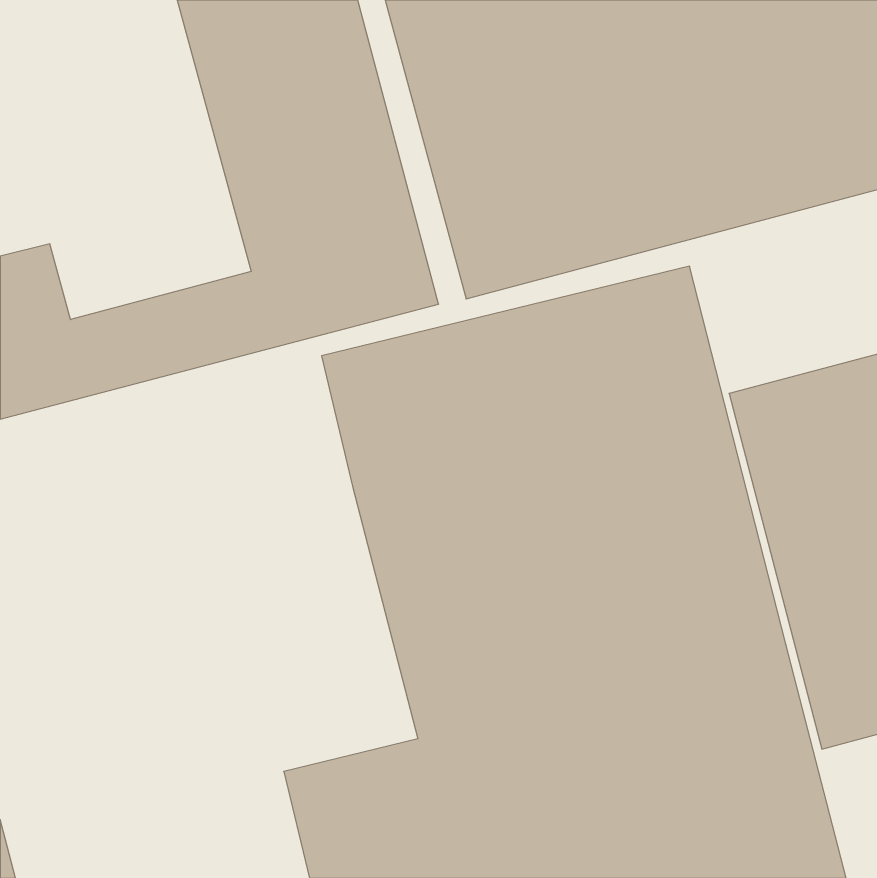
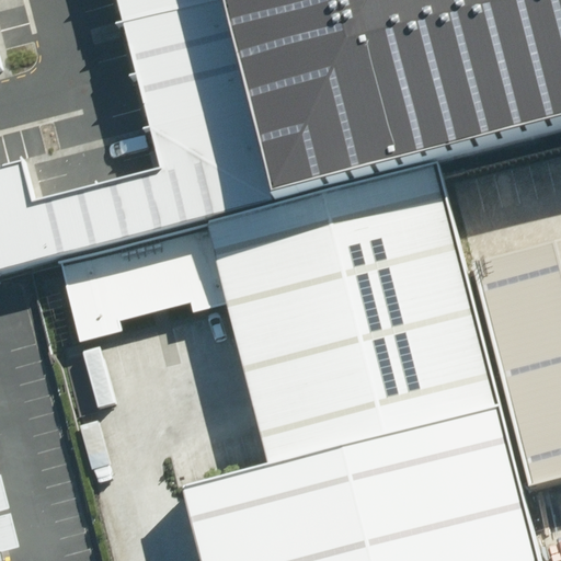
building: none -> [59,227,226,346]

